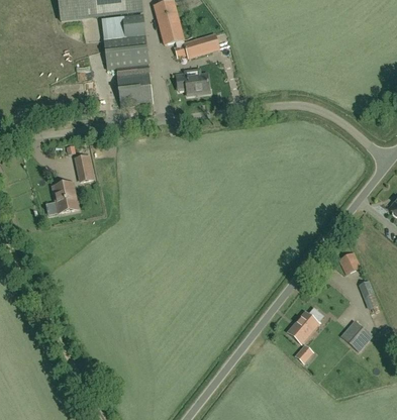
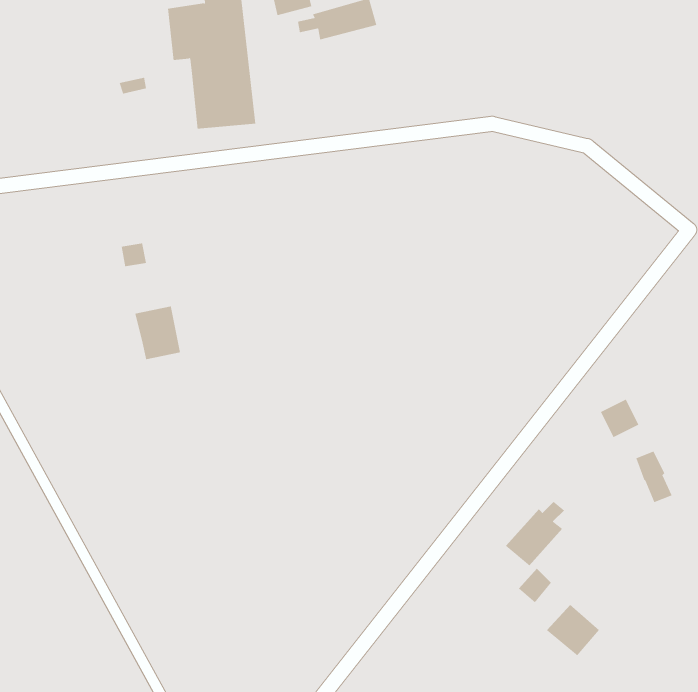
building: [174,72,209,94] -> none
building: [52,182,77,211] -> [134,306,181,360]
building: [340,321,370,349] -> [546,604,600,656]

